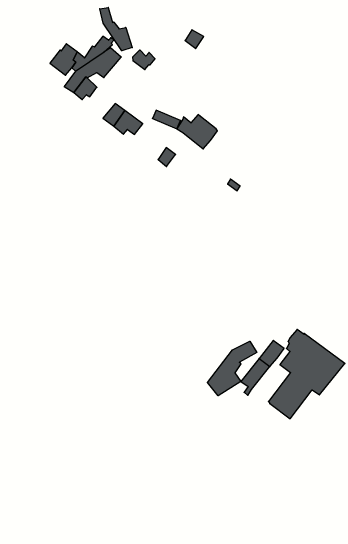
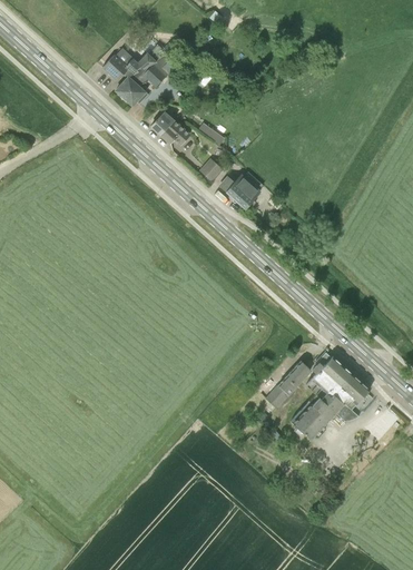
building: [100,7,132,51] -> none
building: [177,115,217,149] -> [219,175,259,209]
building: [207,341,257,396] -> none

